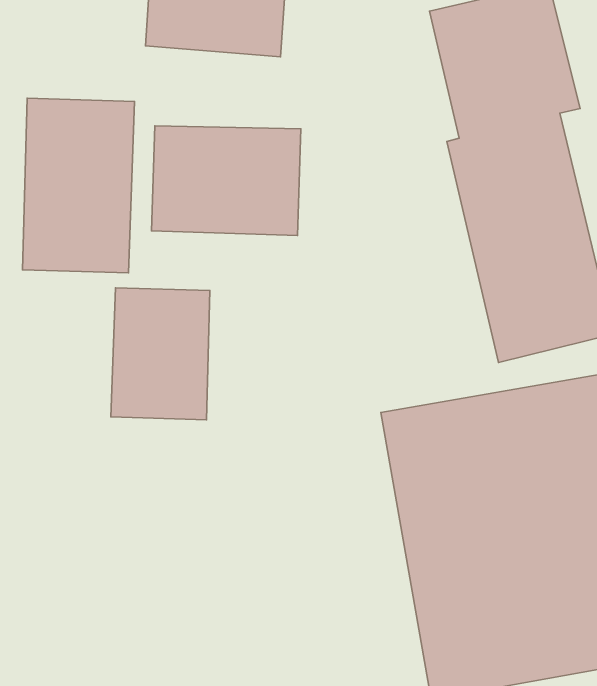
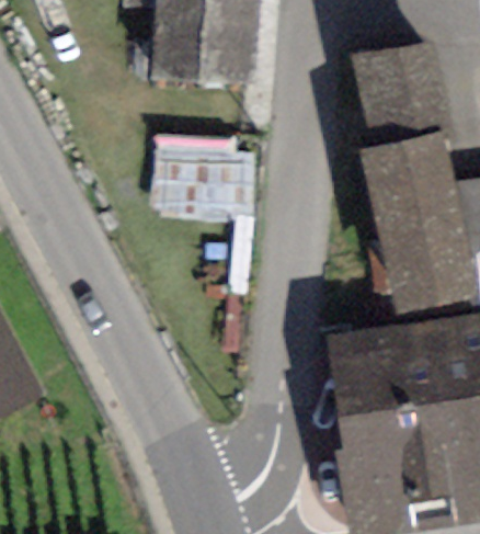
building: [22,98,135,273] -> none
building: [111,288,210,420] -> none

